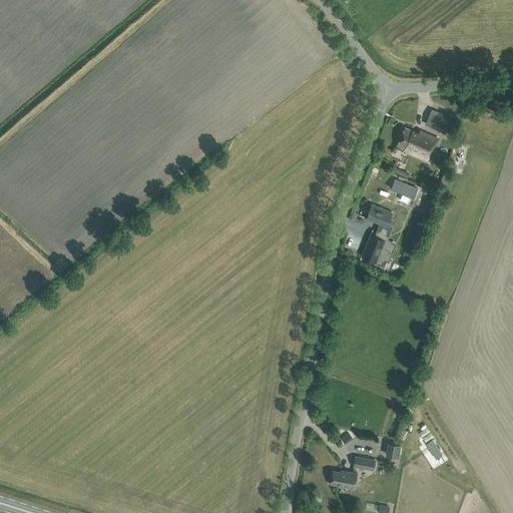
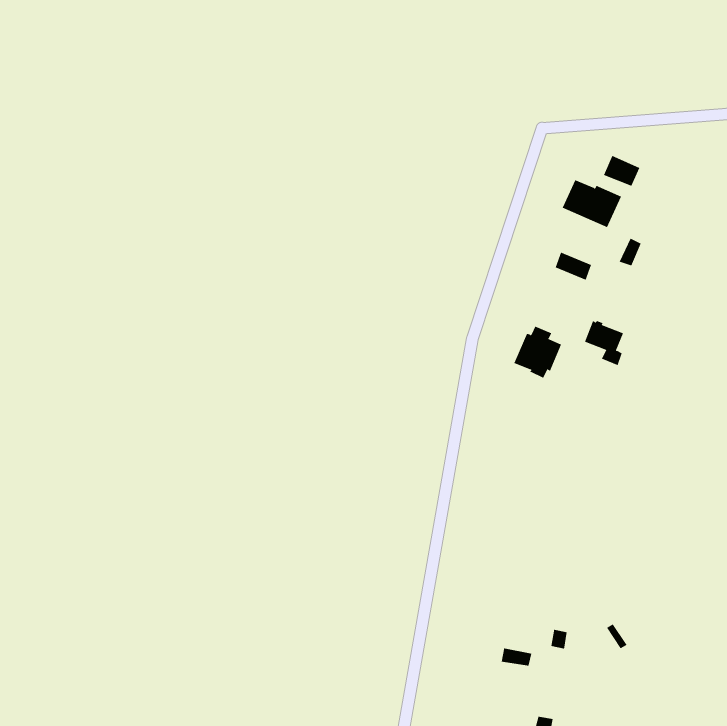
building: [365,203,393,235] -> [584,320,624,366]
building: [330,470,357,488] -> none

